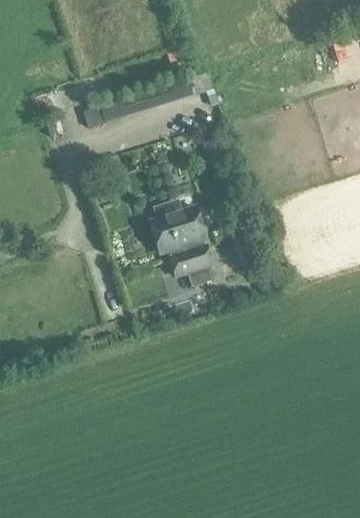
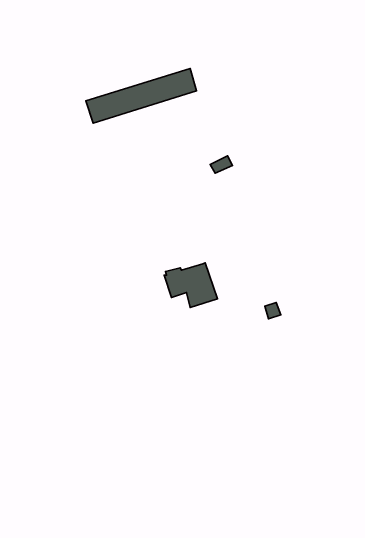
building: [151,205,205,251] -> none

